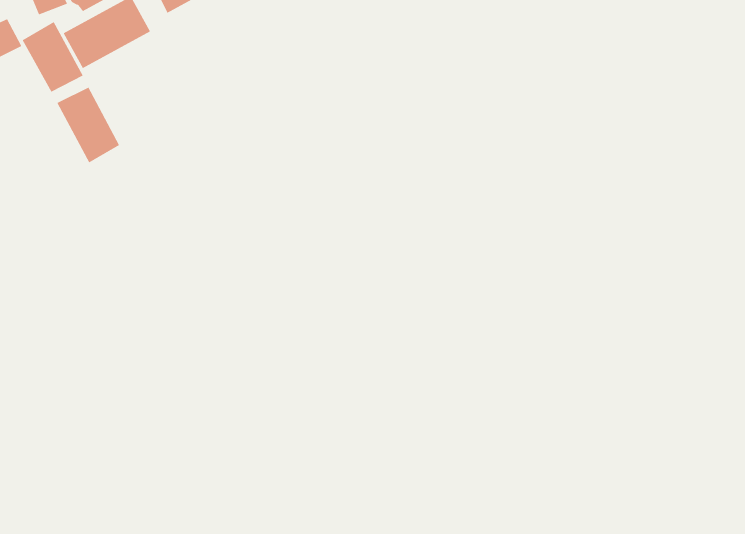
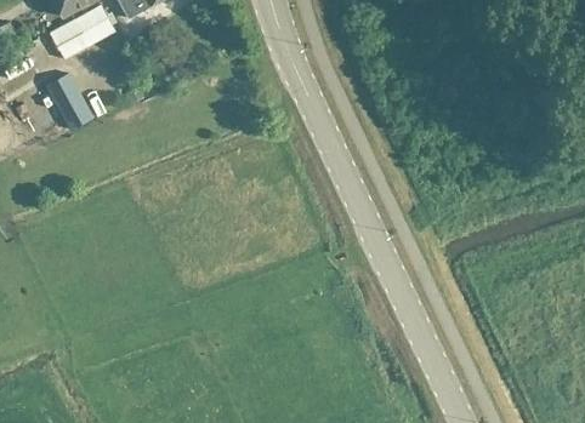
building: [22,21,83,92] -> none

